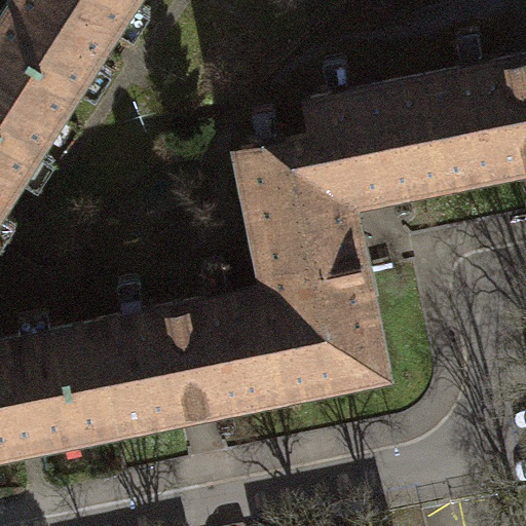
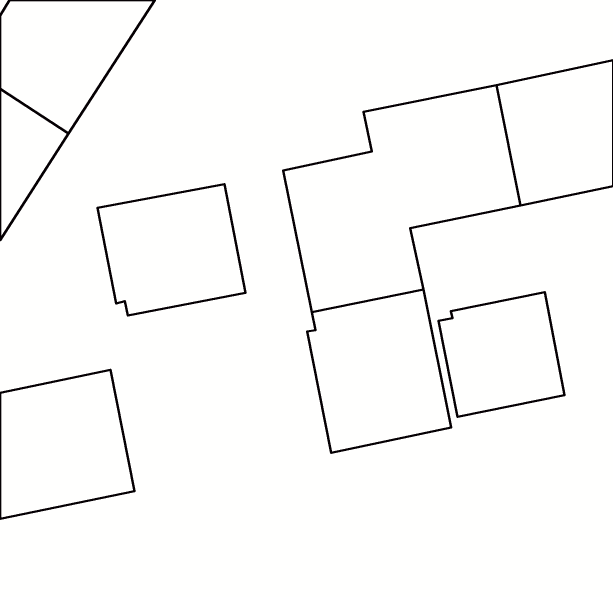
building: none -> [97,184,246,315]
building: none -> [439,292,565,417]
building: [95,298,284,435] -> none

